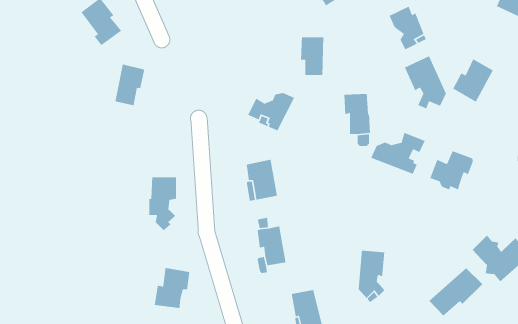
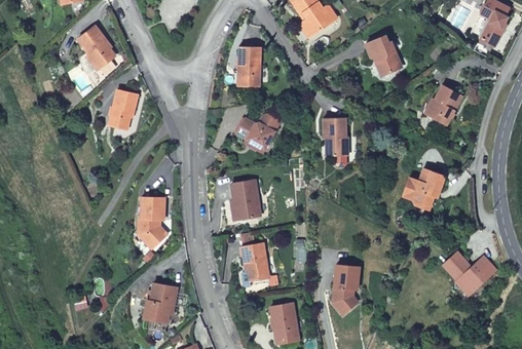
building: [300,36,324,76] -> [238,46,261,83]
building: [404,55,447,109] -> none
building: [370,132,426,175] -> none
building: [429,267,483,316] -> none

